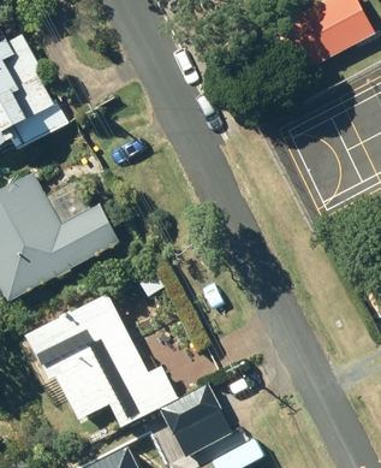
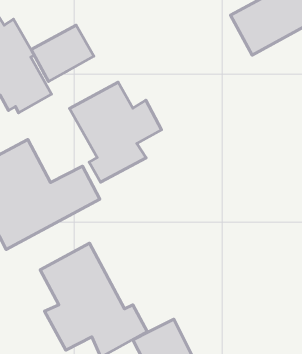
building: none -> [31,25,94,82]
building: none -> [70,82,162,182]

